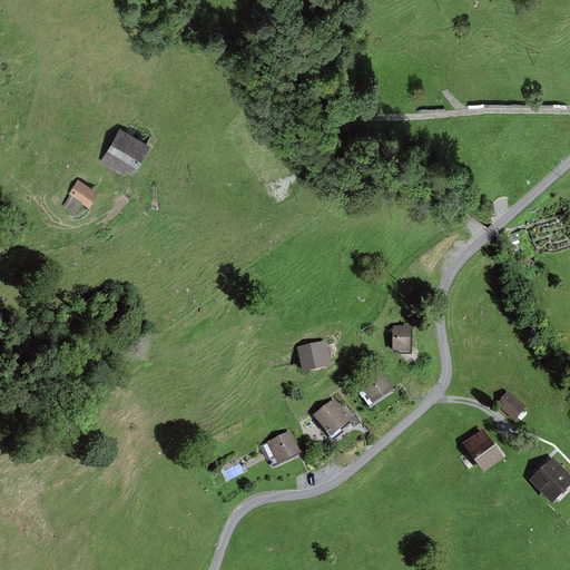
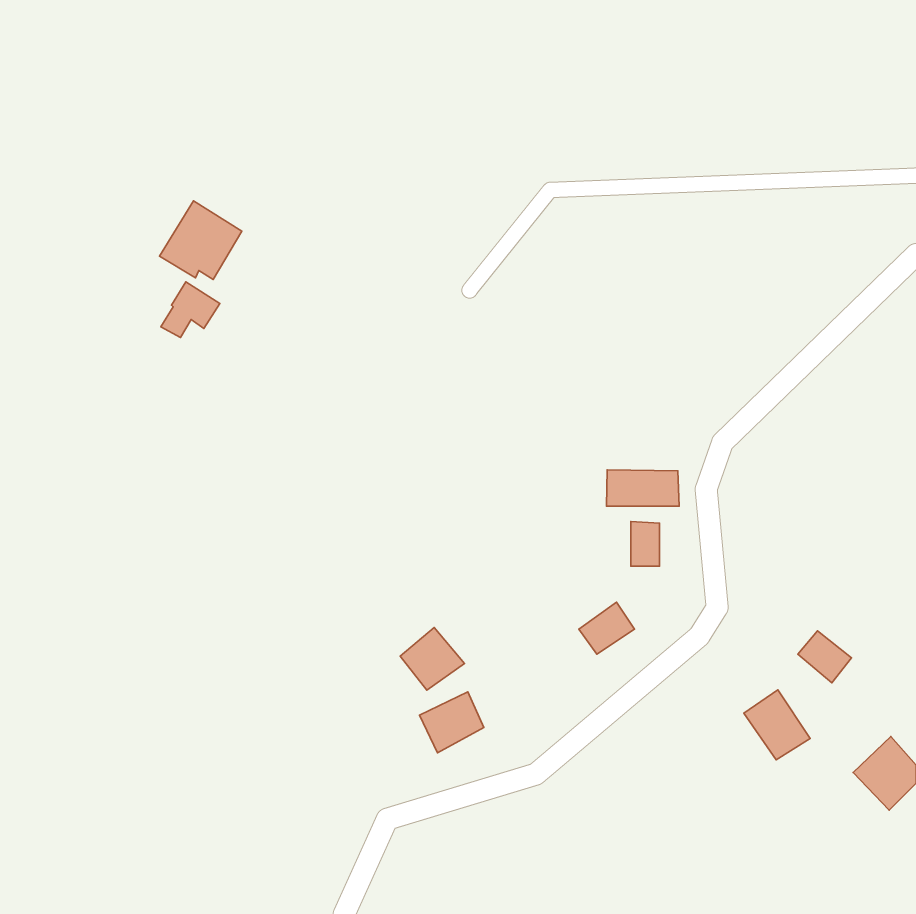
building: [61,177,98,212] -> [161,282,220,337]
building: none -> [607,470,679,506]
building: [297,341,331,374] -> none
building: [313,397,353,436] -> [400,628,465,690]

